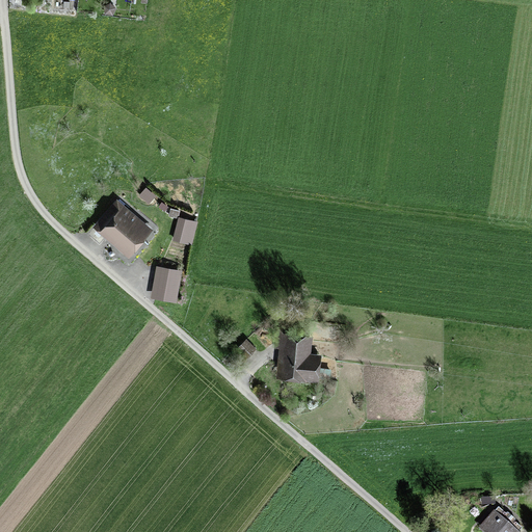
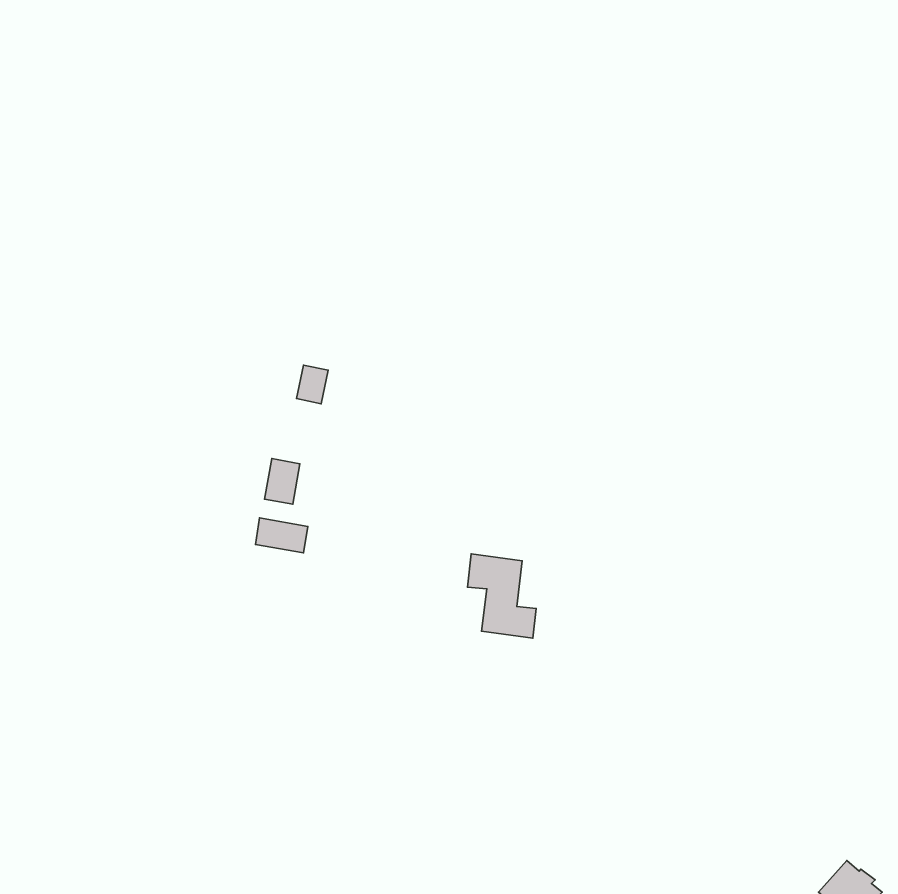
building: [100,206,150,254] -> none
building: none -> [255,518,308,553]

